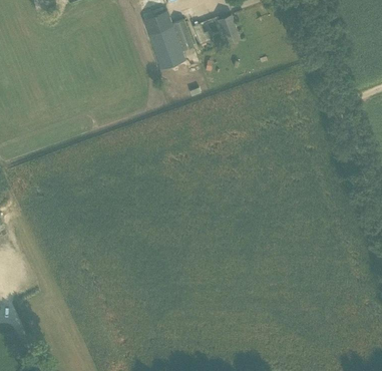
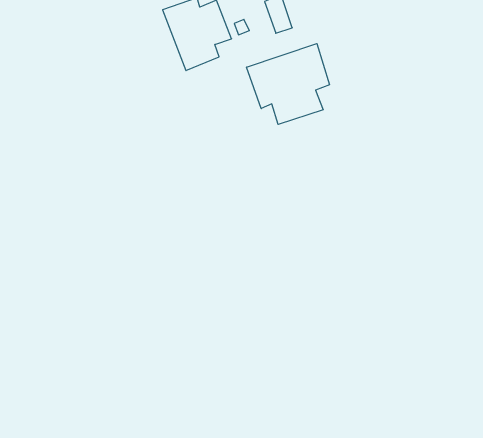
building: none -> [247,44,330,124]

